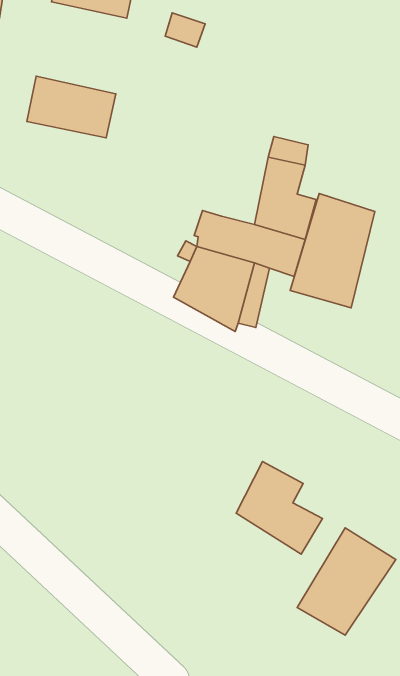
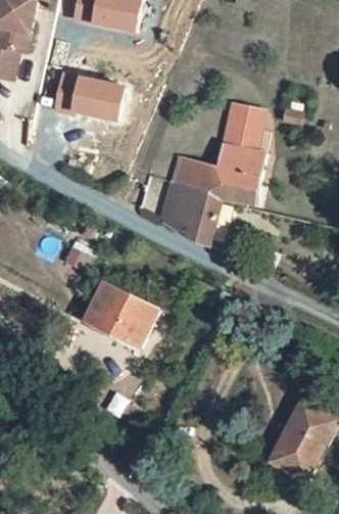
building: [290,193,375,308] -> none
building: none -> [81,269,154,338]
building: [236,462,323,554] -> none

